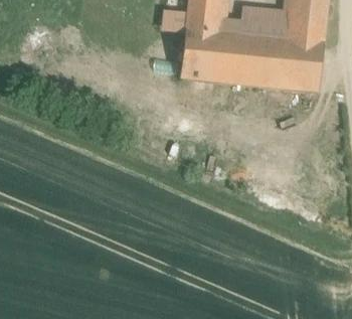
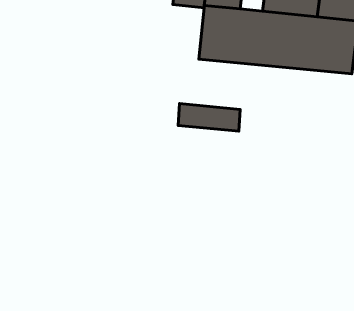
building: none -> [178,104,240,131]

